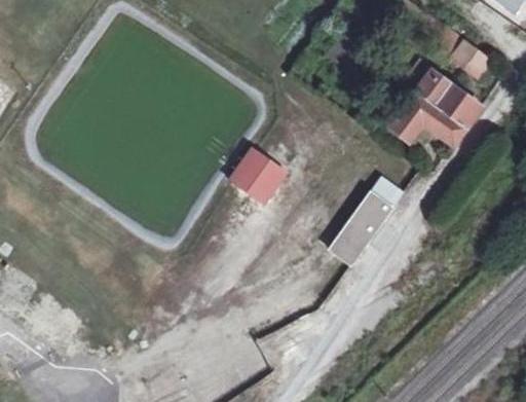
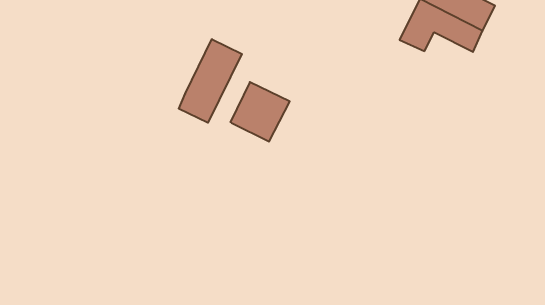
building: none -> [179,39,242,123]
building: [333,181,407,268] -> none

